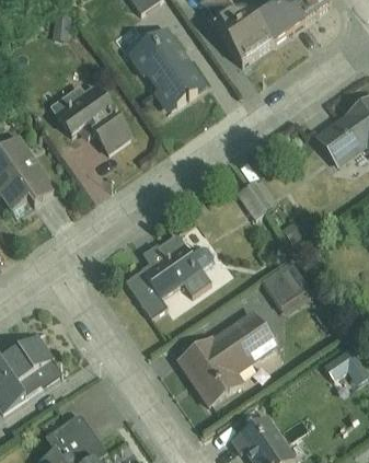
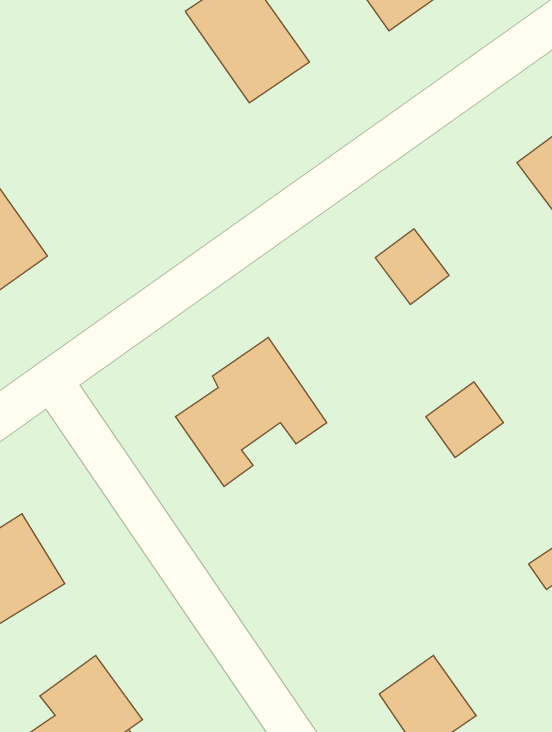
building: [50,83,131,152] -> none
building: [180,311,277,405] -> none

